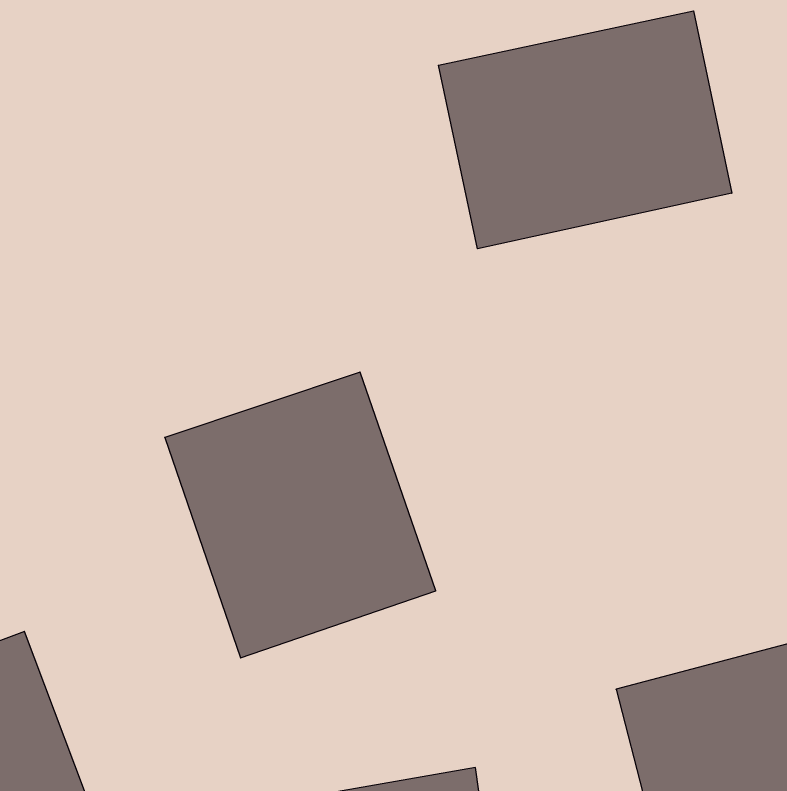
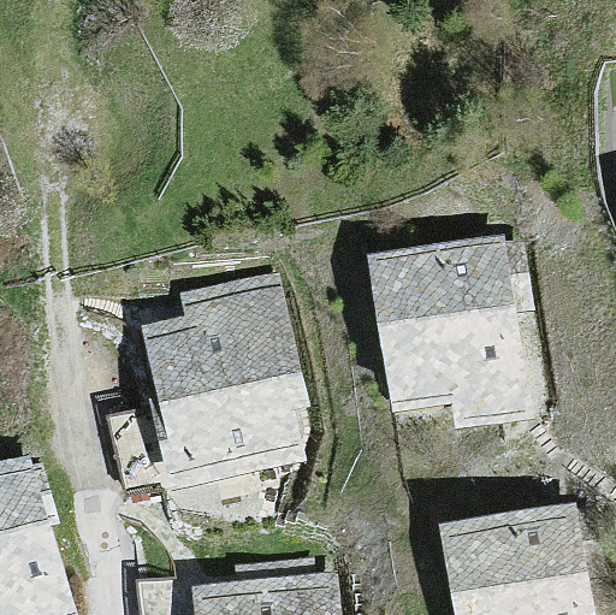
building: [438,11,732,249] -> none
building: none -> [372,243,528,415]

